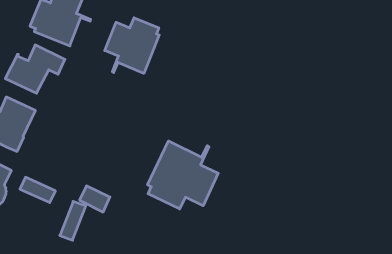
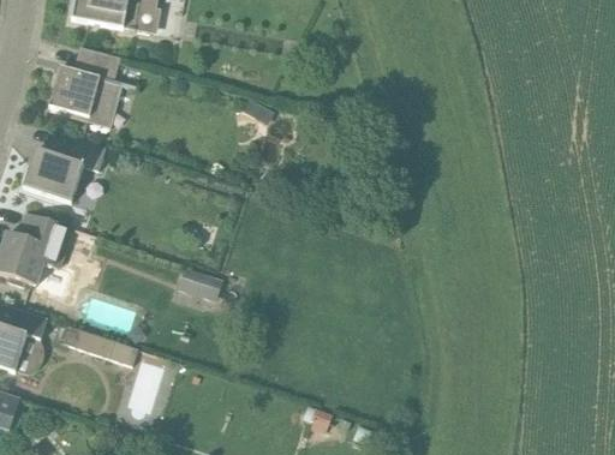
building: [105,18,159,73] -> none
building: [148,141,218,209] -> none
building: [80,186,110,212] -> [174,267,217,301]

